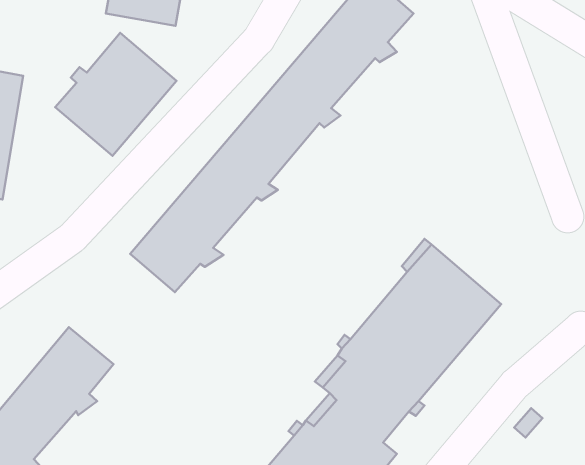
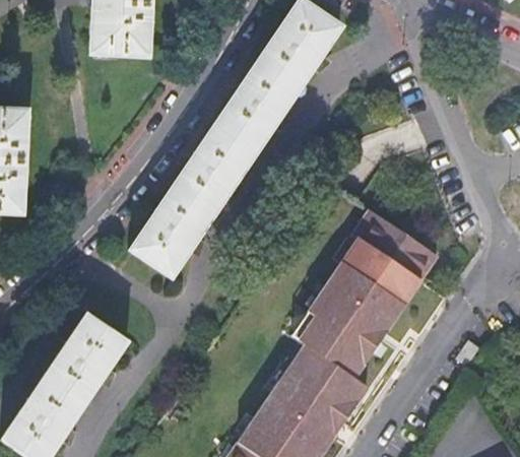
building: [55,33,177,156] -> none

